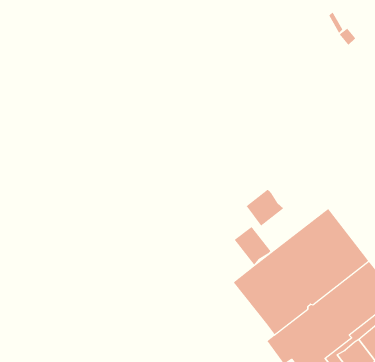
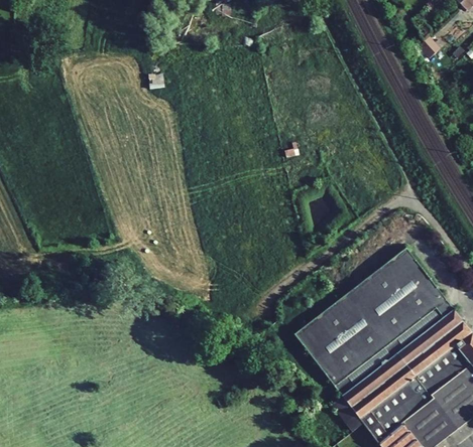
building: [246,189,284,226] -> none
building: [234,226,271,266] -> none

